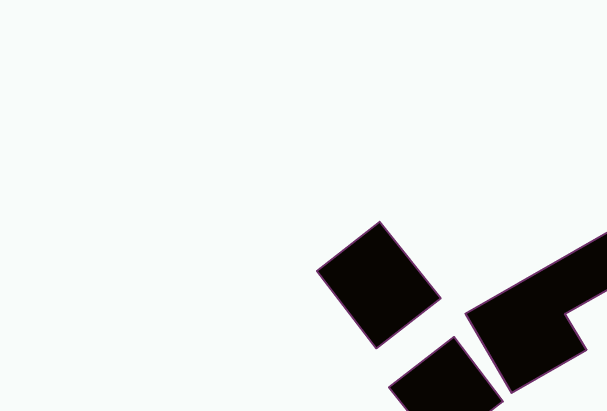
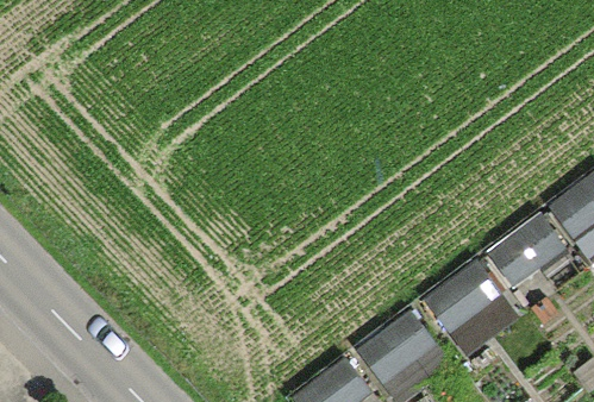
building: [317,222,441,348] -> none

